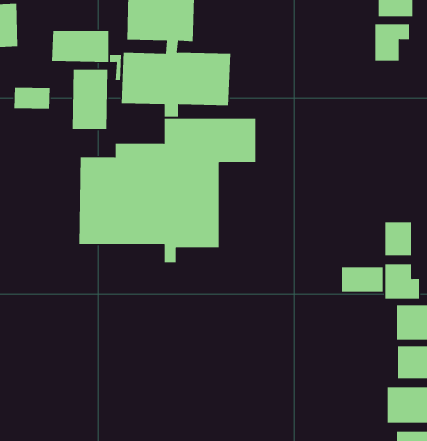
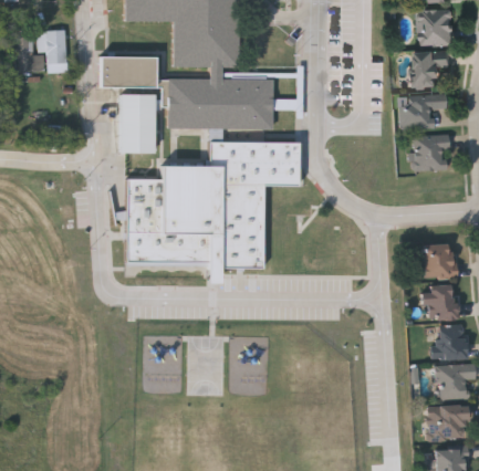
building: none -> [400,94,446,129]
building: [14,87,50,109] -> none
building: none -> [414,136,448,170]
building: [342,267,383,292] -> none

